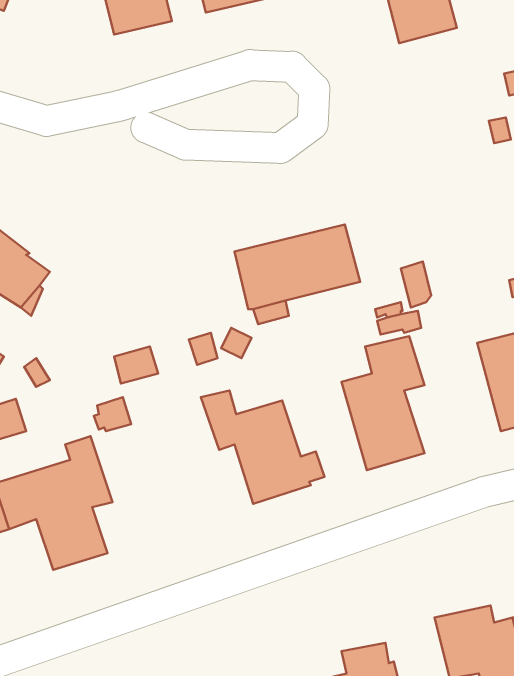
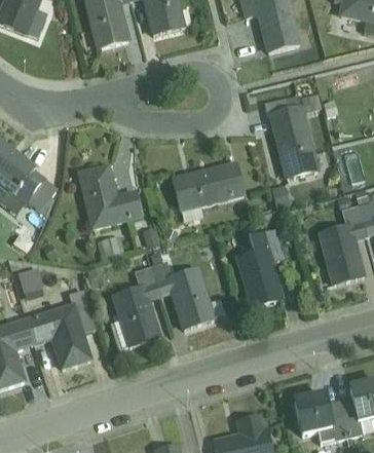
building: none -> [264,92,322,177]
building: none -> [76,163,143,230]
building: none -> [110,265,162,348]

